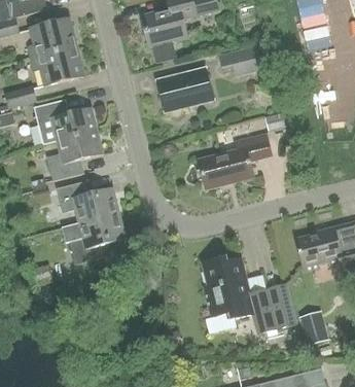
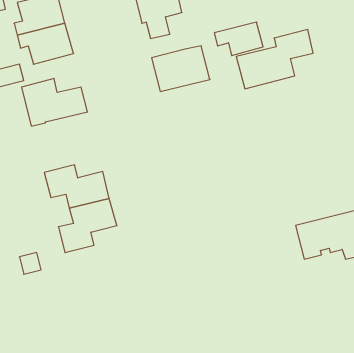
building: [46,131,103,180] -> none
building: [198,133,271,189] -> [236,29,313,89]
building: [202,256,295,333] -> none
building: [299,311,328,345] -> none

